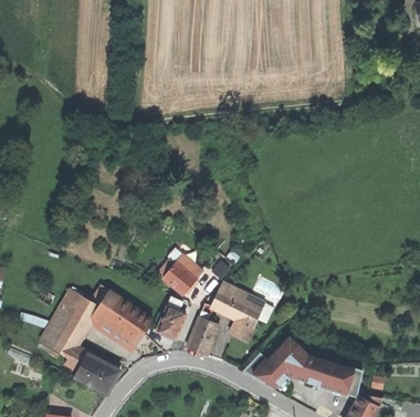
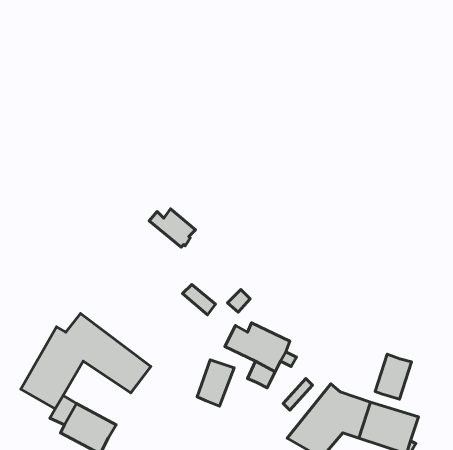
building: [157,261,196,293] -> [149,209,196,247]
building: [157,296,186,338] -> none
building: none -> [375,354,412,399]

